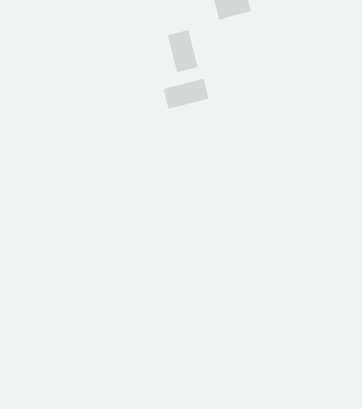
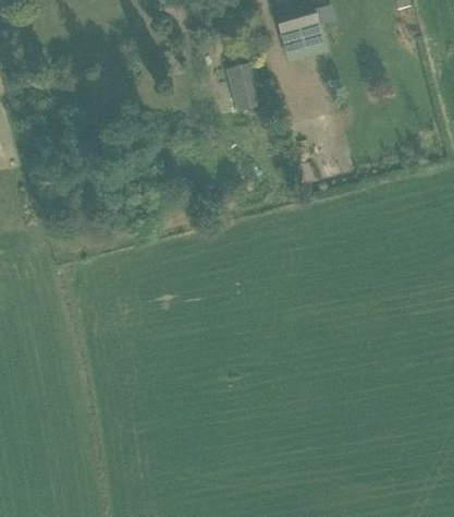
building: [163,78,209,110] -> none

